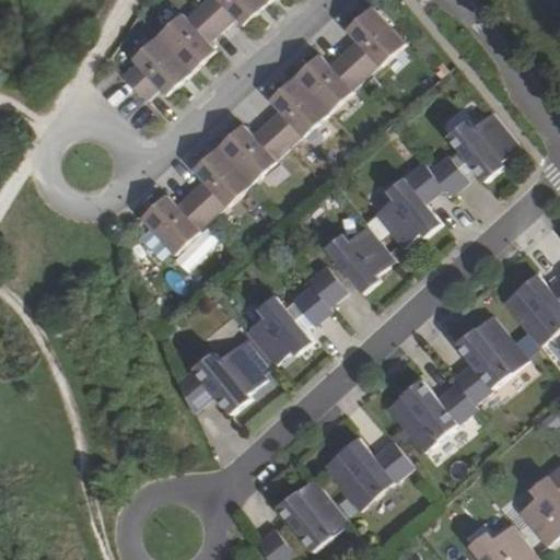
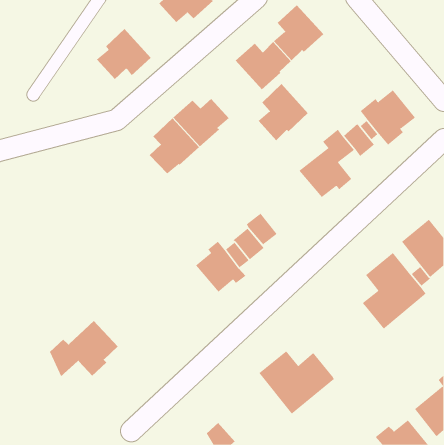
building: [155,4,220,72] -> none
building: [264,75,327,148] -> [258,83,309,141]
building: [139,194,209,255] -> none
building: [330,225,394,290] -> none
building: [177,341,264,412] -> [49,320,118,377]
building: [386,378,482,458] -> none
building: [277,478,349,551] -> none

